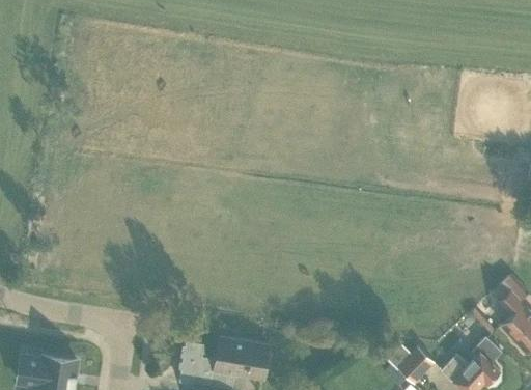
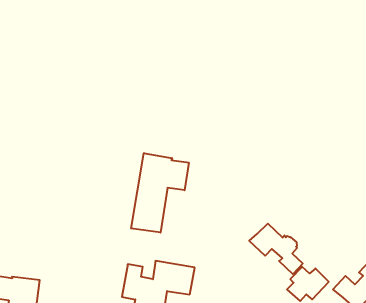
building: none -> [131,153,189,233]
building: none -> [249,224,303,274]

